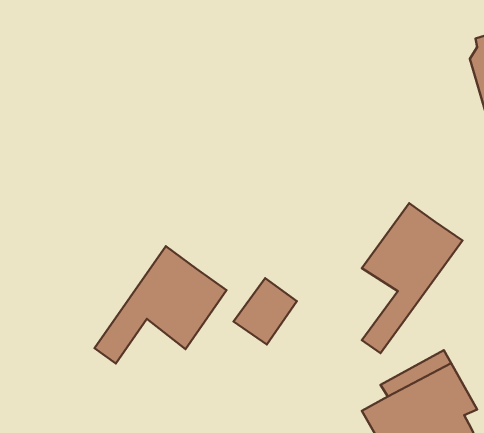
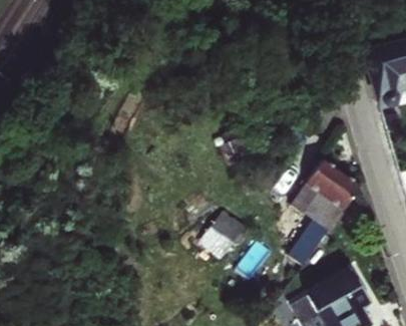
building: [95,246,227,364] -> none

